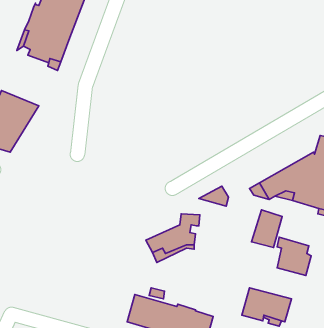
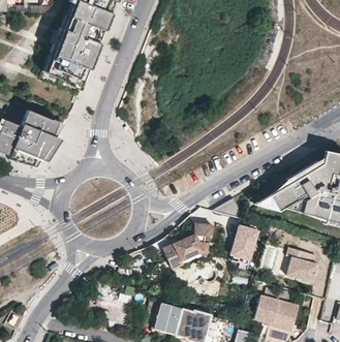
building: [251,210,282,247] -> [231,225,260,260]

